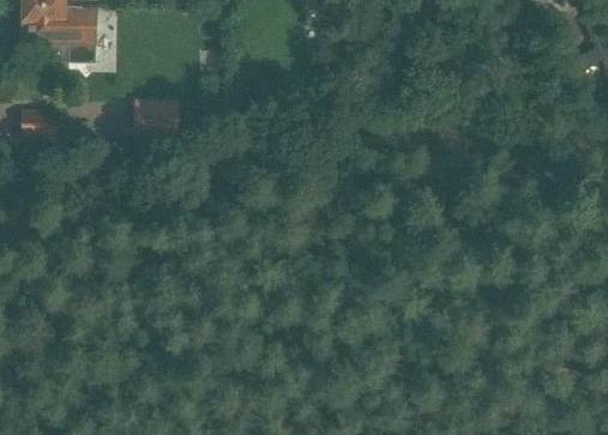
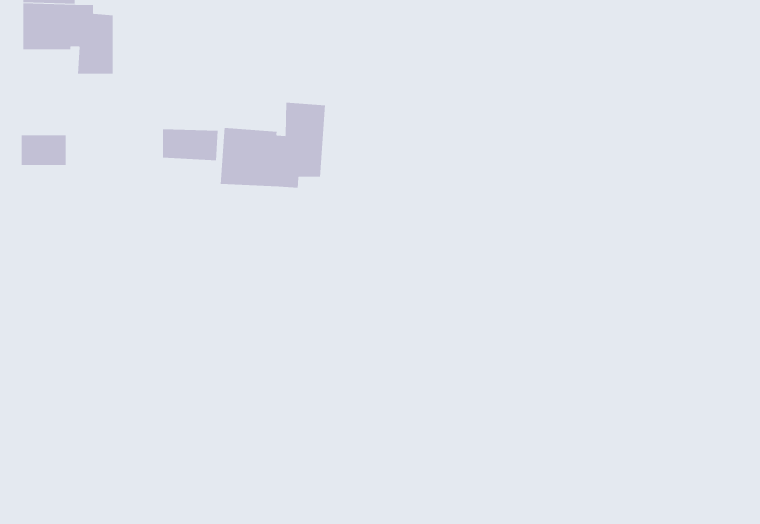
building: none -> [220,102,326,188]

